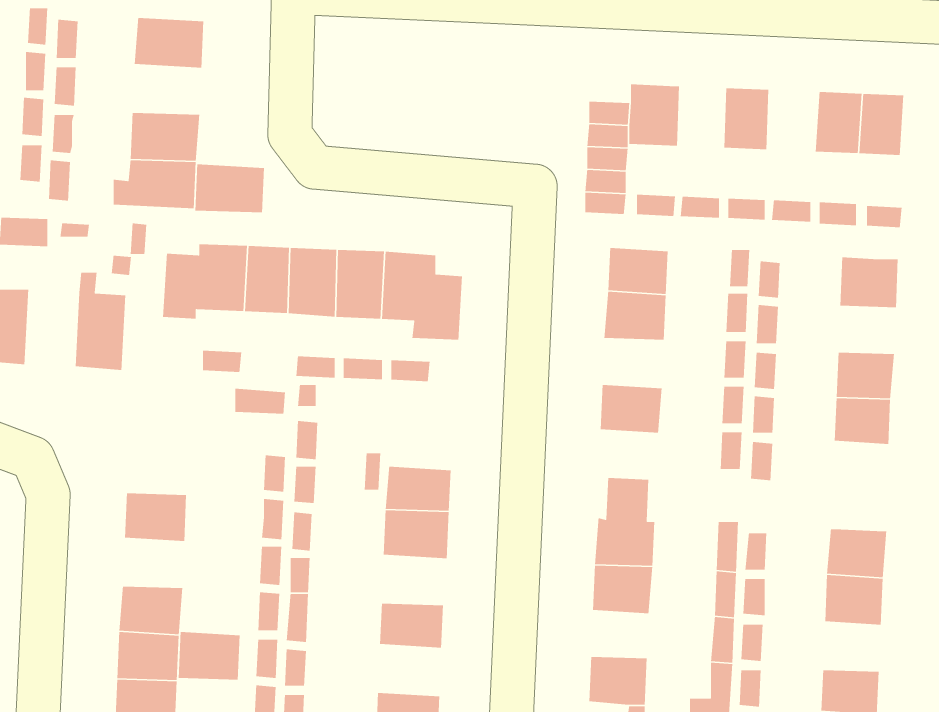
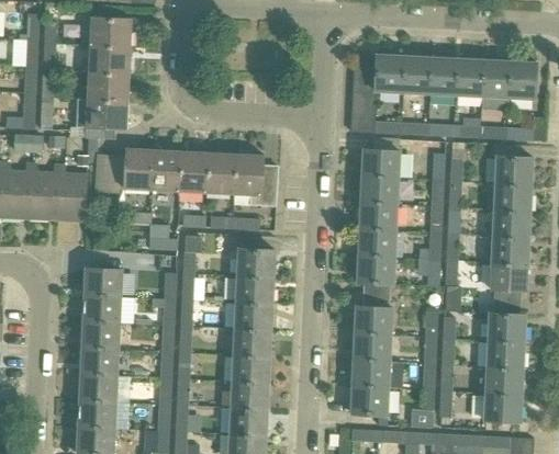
building: none -> [403,58,431,94]
building: none -> [455,60,484,97]
building: [194,164,265,213] -> [88,46,128,75]
building: none -> [26,163,57,220]
building: none -> [495,185,529,213]
building: none -> [359,204,395,232]
building: none -> [236,250,273,280]
building: none -> [85,252,121,294]
building: none -> [357,257,392,285]
building: none -> [491,263,525,315]
building: none -> [232,329,270,357]
building: none -> [353,361,387,388]
building: none -> [487,367,521,396]
building: [178,631,241,681] -> [82,319,119,348]
building: none -> [230,381,267,410]

